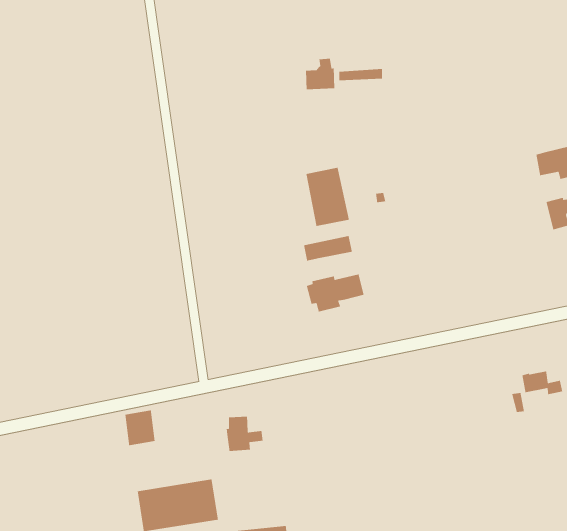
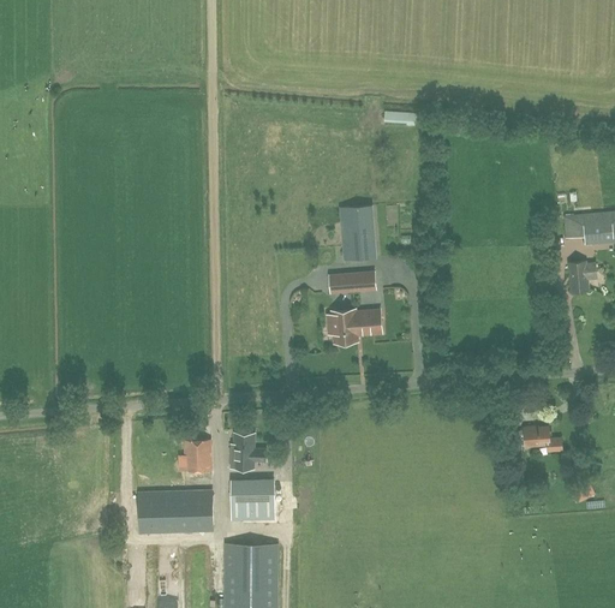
building: [305,58,335,90] -> none
building: [125,410,155,446] -> [184,439,210,471]
building: none -> [232,478,277,521]

